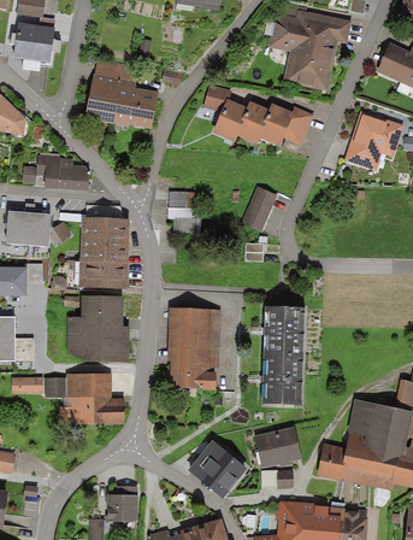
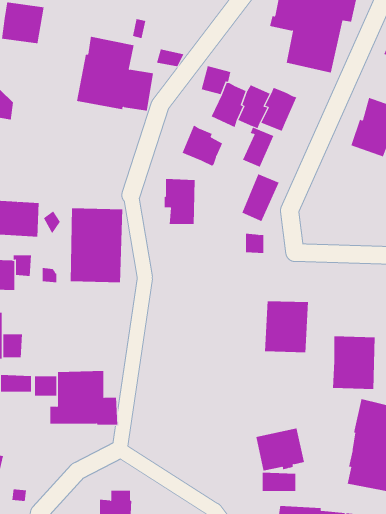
building: [283,106,313,145] -> [242,127,274,167]
building: none -> [182,125,223,167]
building: [22,152,88,190] -> none
building: [67,295,129,363] -> none
building: [166,307,219,397] -> none
building: [261,354,302,405] -> [332,336,375,389]
building: [187,440,247,499] -> none
building: [315,442,346,481] -> none

